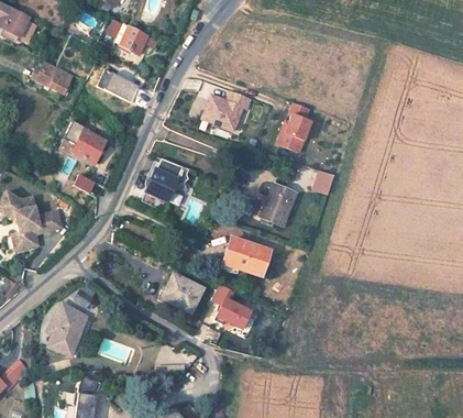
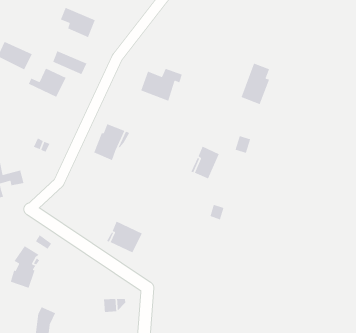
building: [276,102,311,153] -> [241,63,270,105]
building: [60,128,107,164] -> [28,67,67,98]
building: [228,237,271,276] -> none
building: [212,285,251,331] -> none

